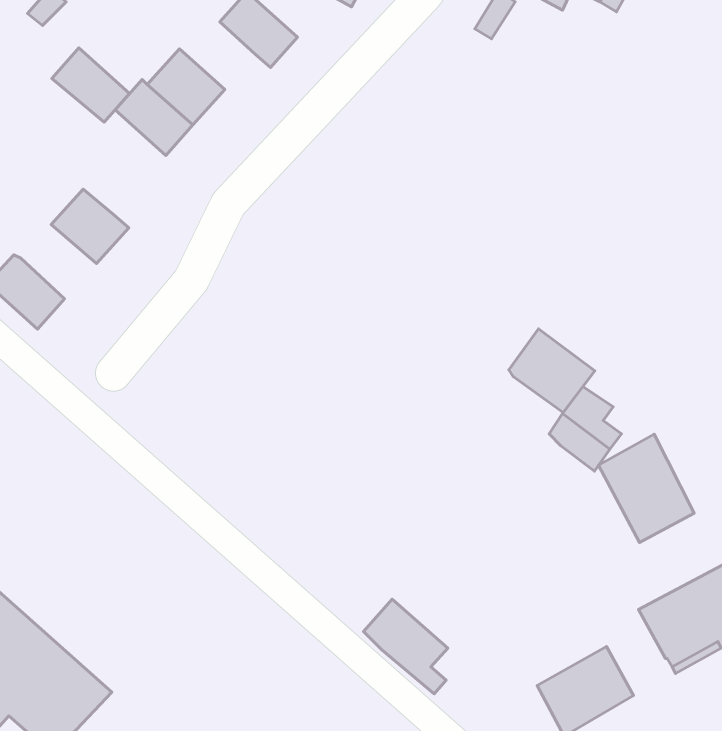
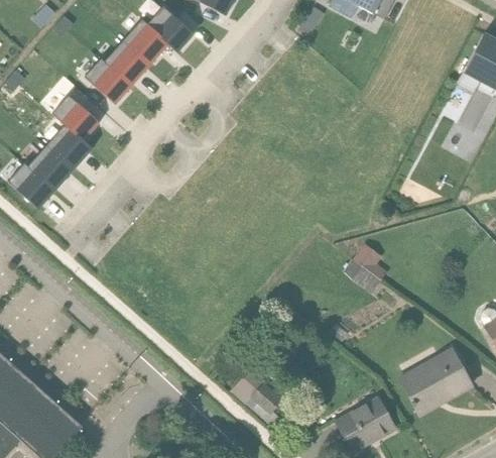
building: none -> [123,20,168,66]
building: [52,48,130,122] -> [52,96,99,140]
building: none -> [28,146,74,191]
building: [509,329,595,413] -> none
building: [599,434,694,543] -> none

